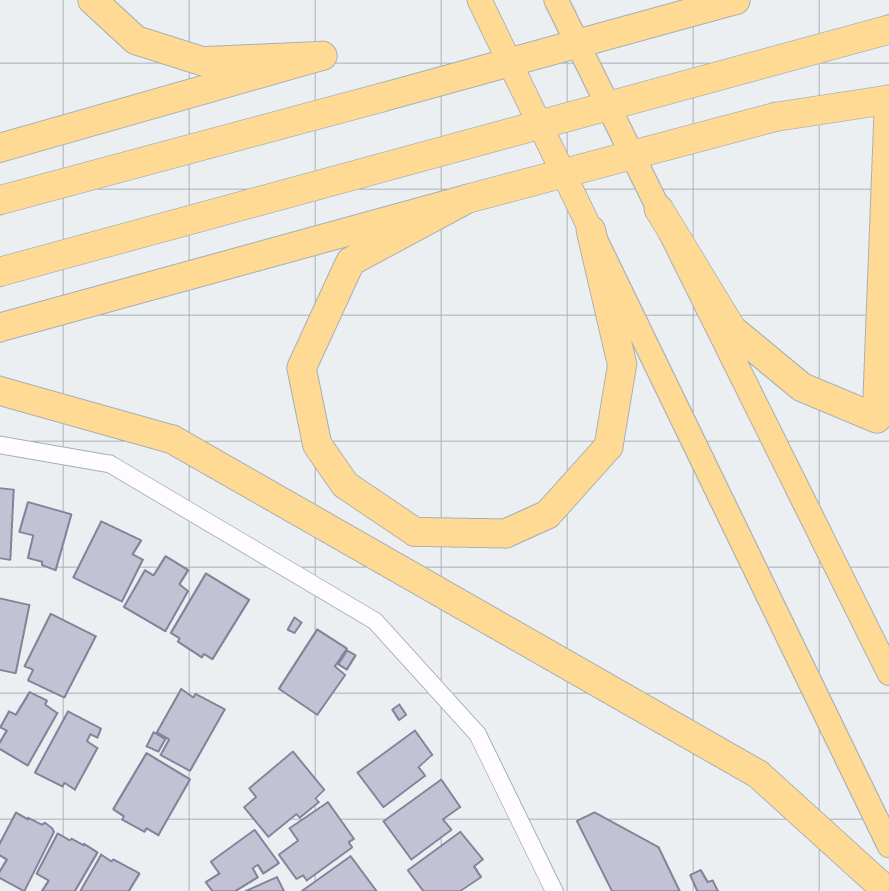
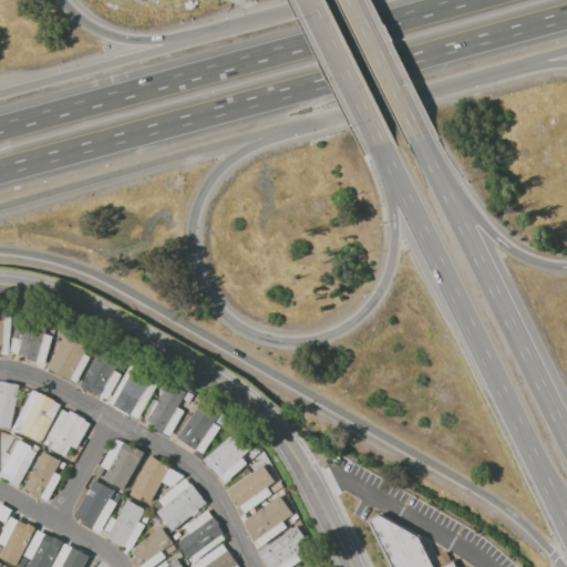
building: none -> [146,383,185,436]
building: none -> [44,409,90,457]
building: none -> [204,431,249,483]
building: none -> [127,454,185,503]
building: none -> [103,501,144,549]

